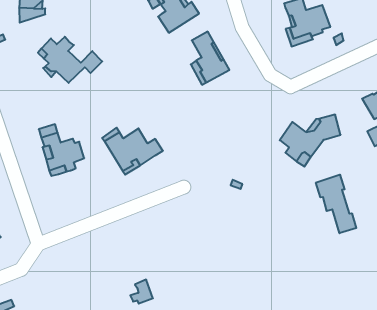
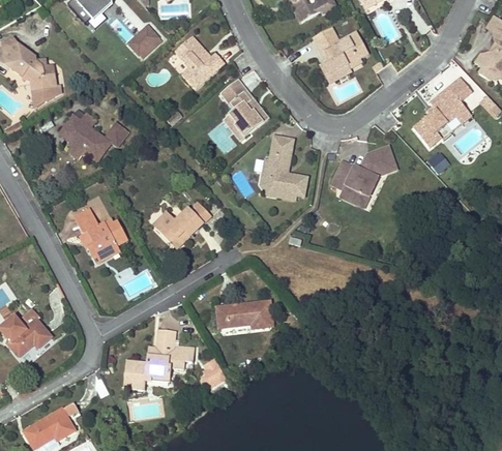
building: none -> [261,136,308,199]
building: [316,175,356,233] -> none
building: none -> [217,301,273,329]
building: none -> [125,328,195,389]

